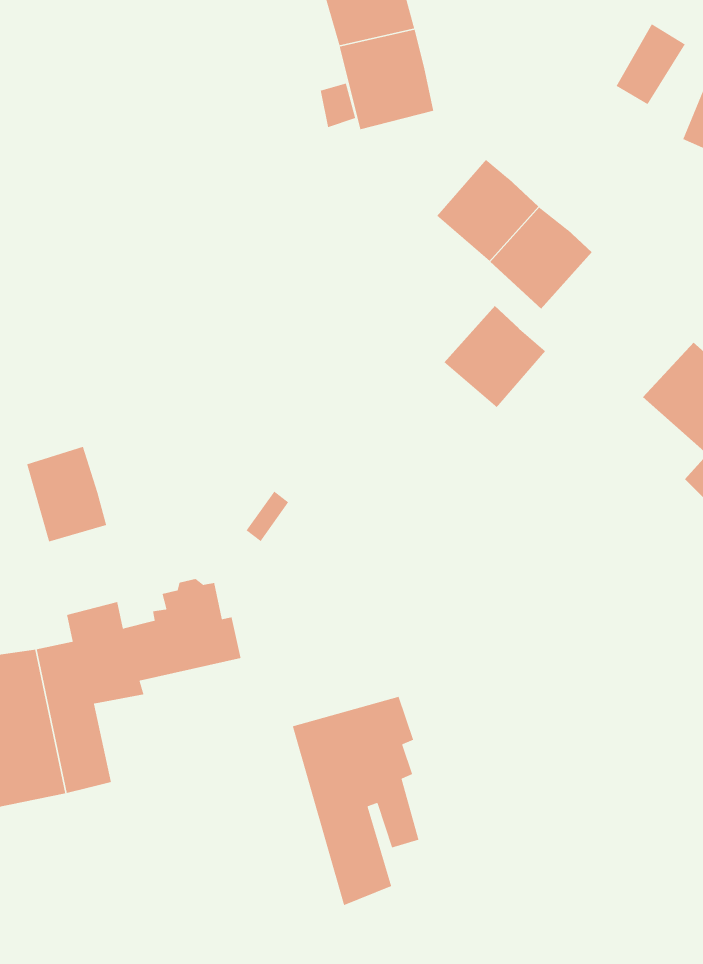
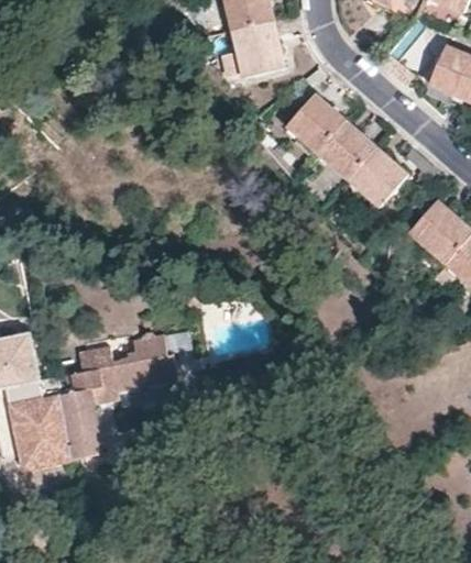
building: [443,305,546,408] -> [349,147,408,207]
building: [26,446,107,542] -> none
building: [292,696,420,906] -> none

